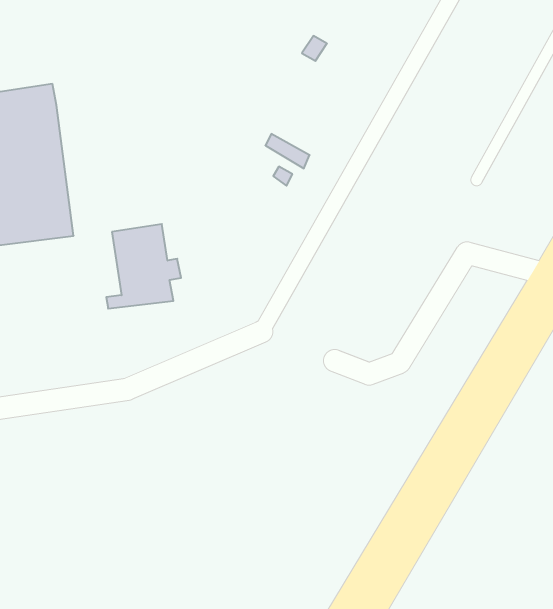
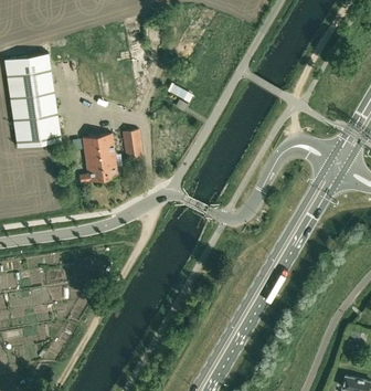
building: none -> [121,129,142,158]

